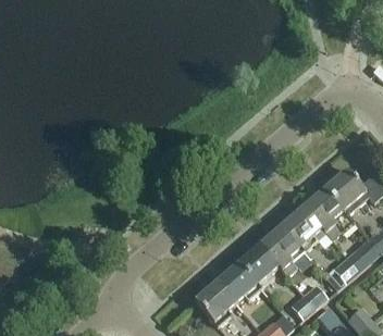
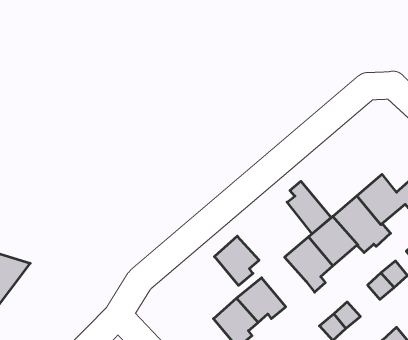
building: none -> [287,181,331,234]
building: [237,242,277,287] -> [214,236,259,285]

